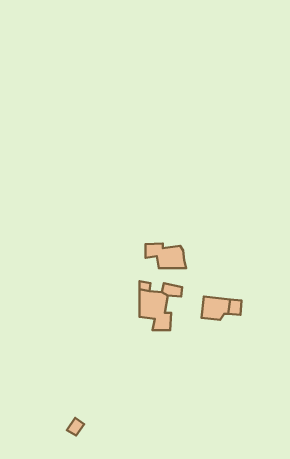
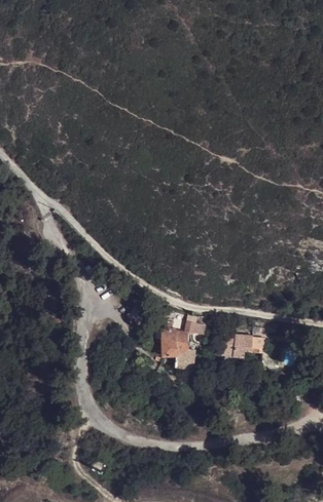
building: [145,243,186,268] -> none

